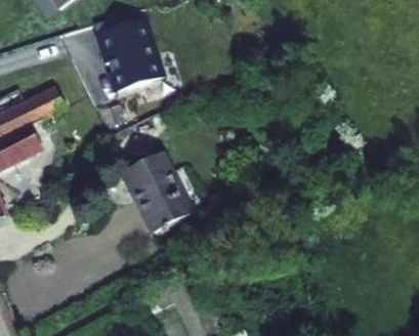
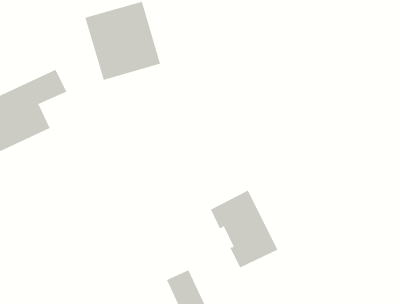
building: [124,155,192,233] -> [210,190,278,268]

